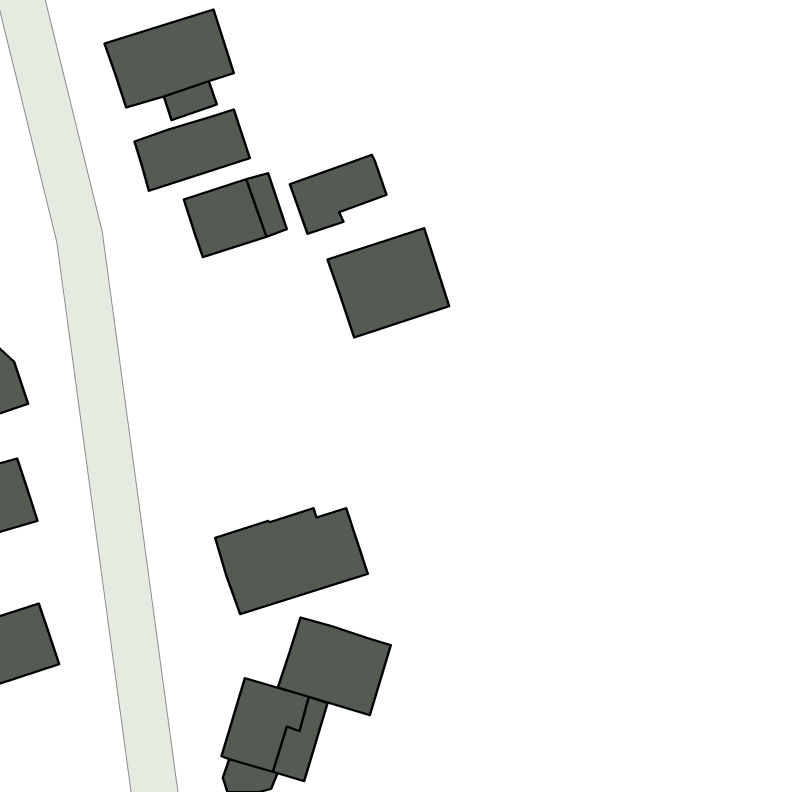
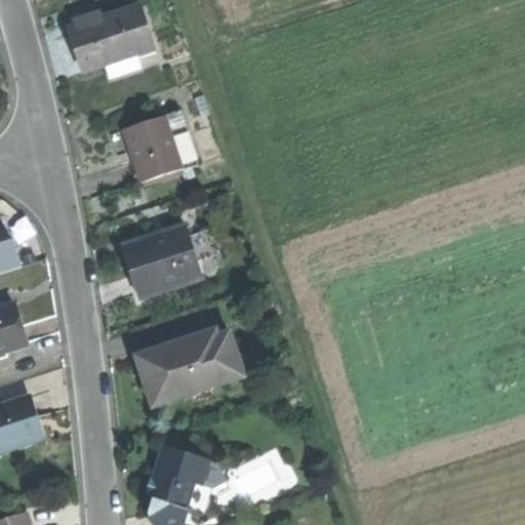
building: [134,109,250,191] -> none
building: [290,155,387,234] -> none
building: [328,228,449,337] -> [120,226,200,297]
building: [278,617,391,715] -> none

